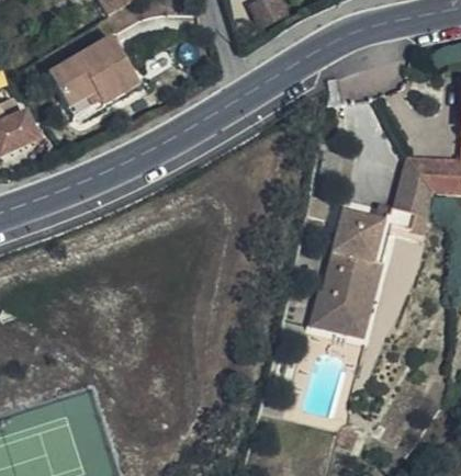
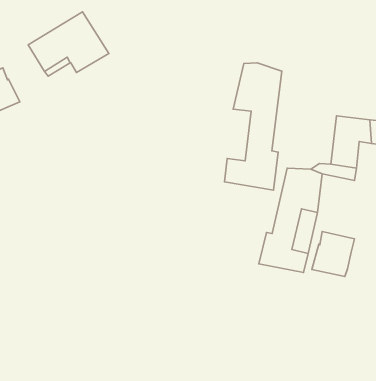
building: none -> [224,63,282,190]
building: none -> [312,232,354,276]

